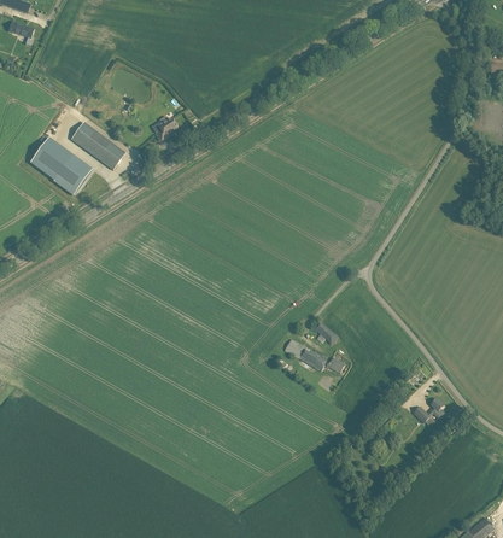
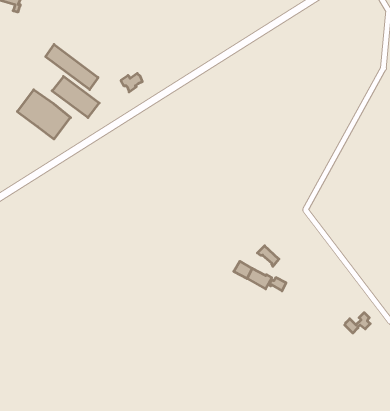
building: none -> [46,44,98,90]

